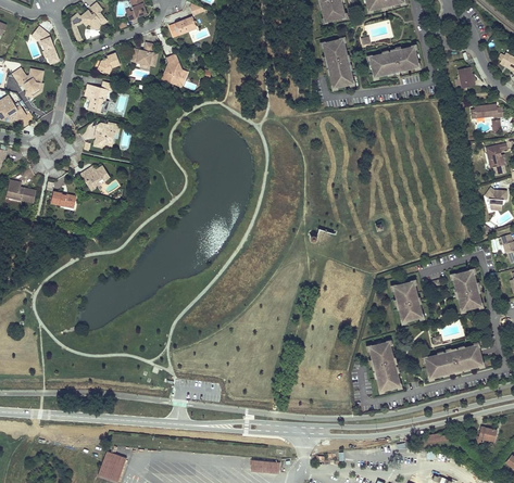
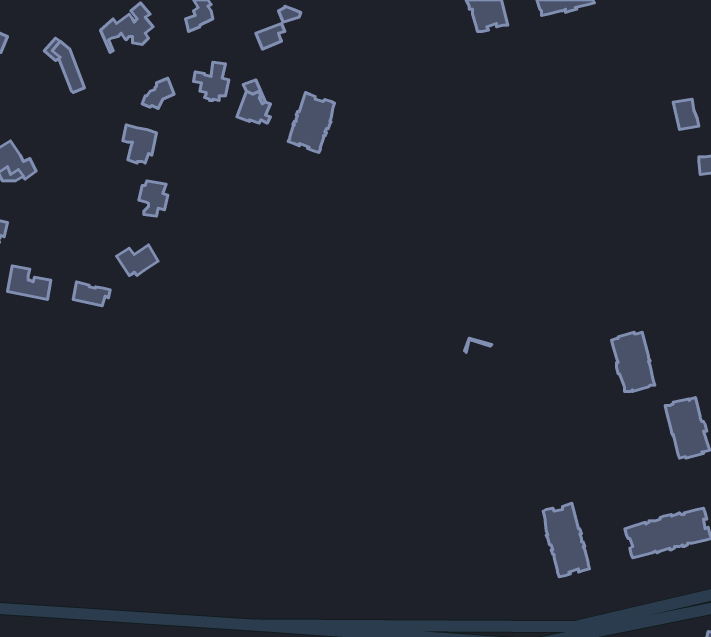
building: [323,38,354,88] -> none
building: [369,46,419,77] -> none
building: none -> [288,93,334,153]
building: [13,68,43,97] -> none
building: [393,281,423,321] -> [612,332,655,392]

